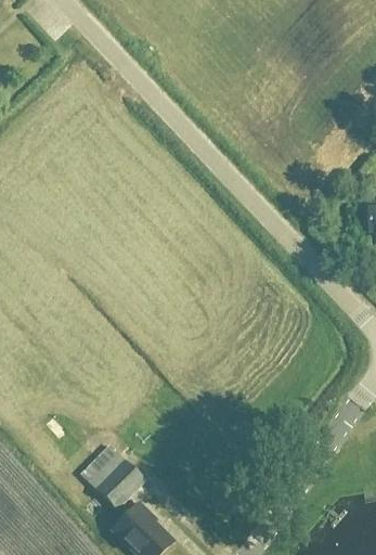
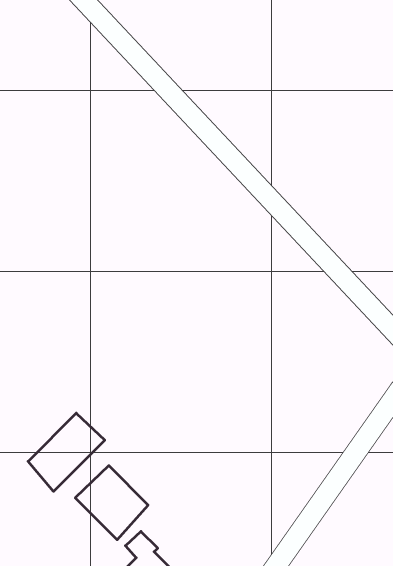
building: none -> [28,413,105,491]

